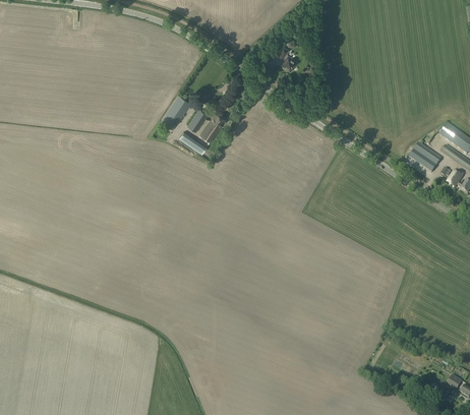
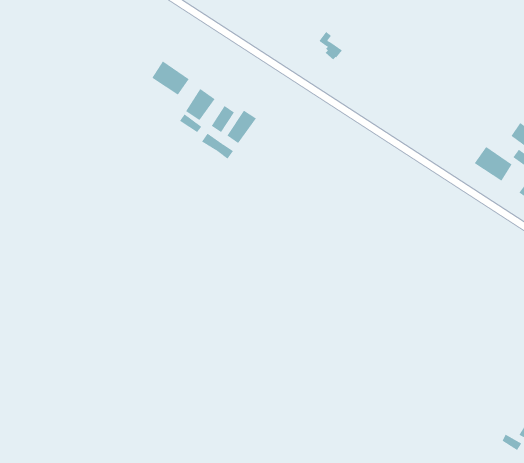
building: none -> [152,60,189,96]

